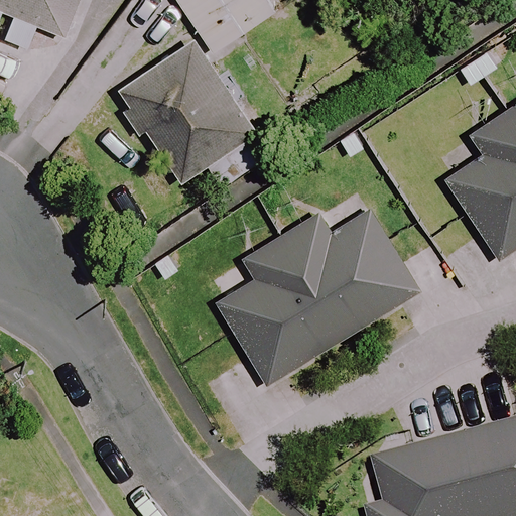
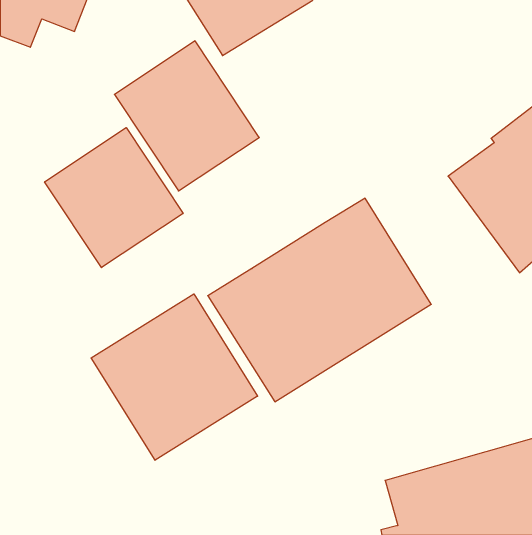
building: none -> [45,128,183,268]
building: none -> [91,294,258,460]

